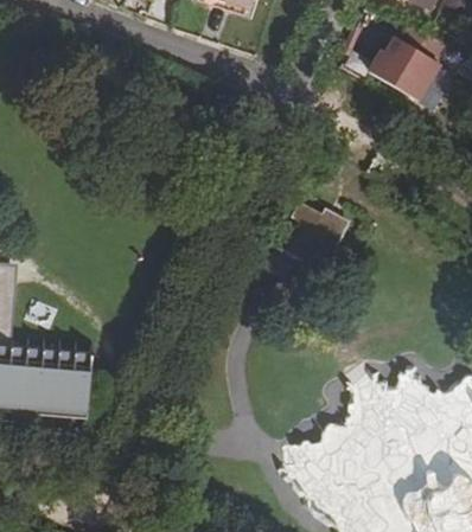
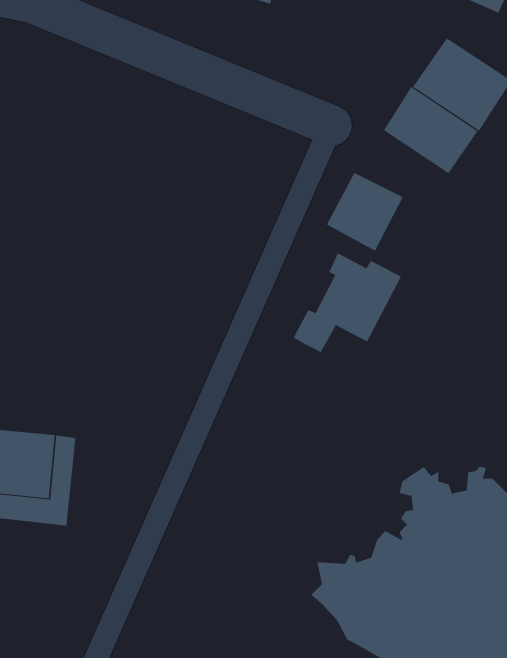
building: none -> [383,86,478,174]
building: none -> [326,172,404,251]

